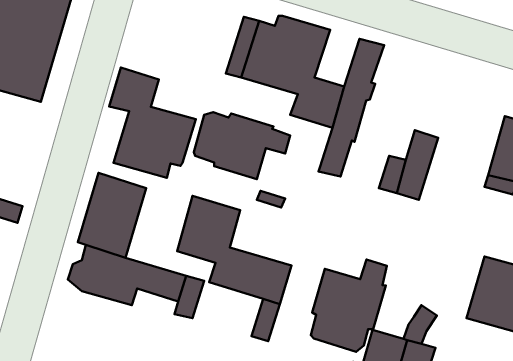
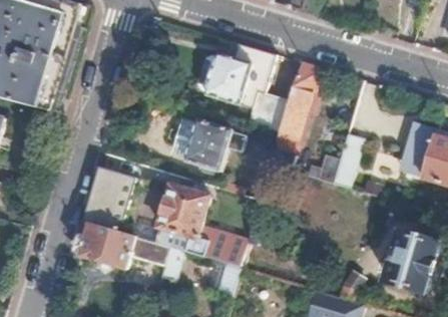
building: [109,68,196,178] -> none
building: [311,260,387,352] -> none

